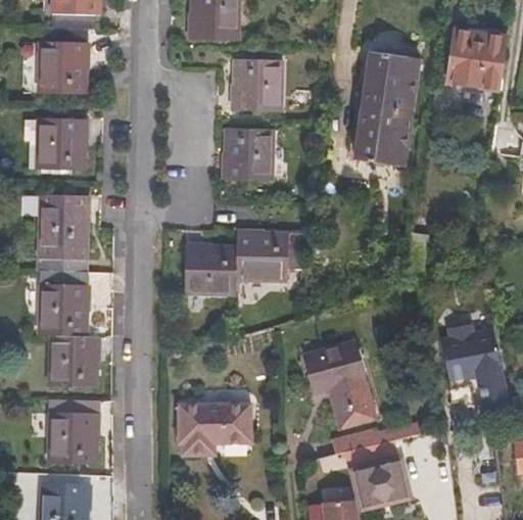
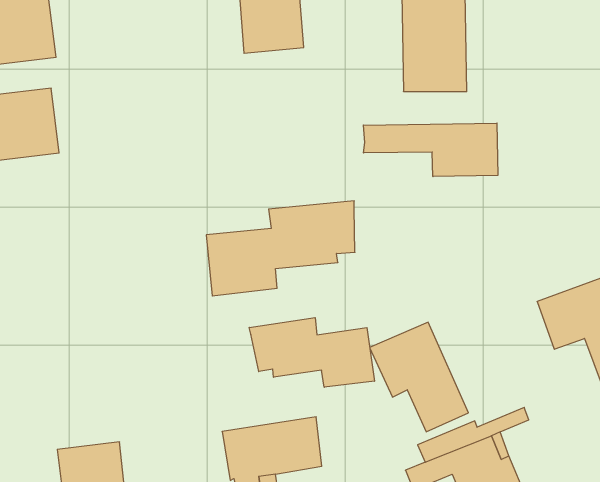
building: [227,132,277,182] -> none
building: none -> [363,123,498,177]
building: [40,183,98,387] -> none
building: none -> [249,318,374,387]

